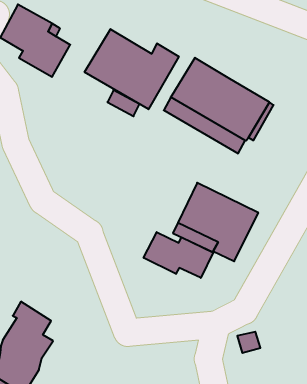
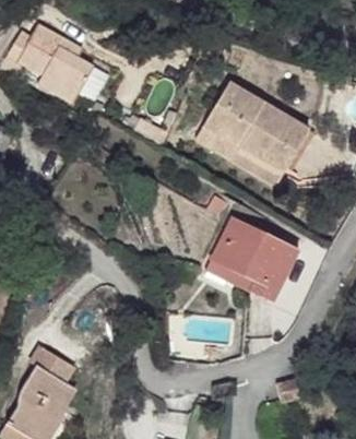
building: [85,29,179,109] -> none
building: [144,232,213,278] -> none

